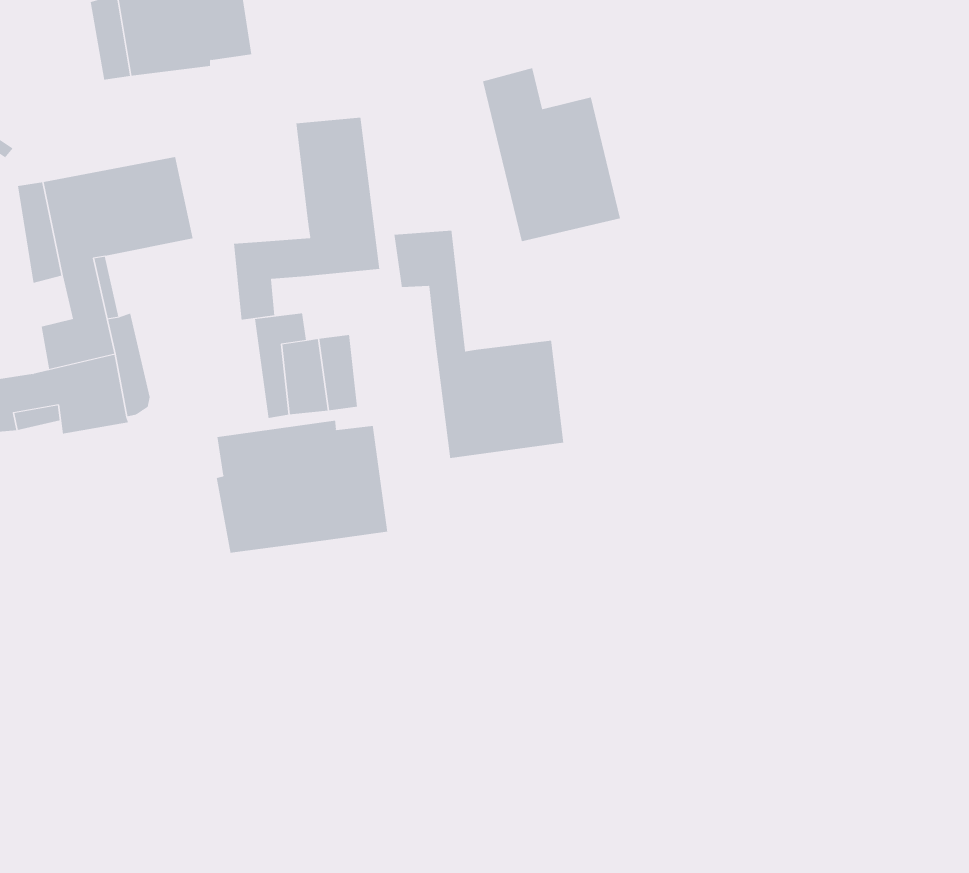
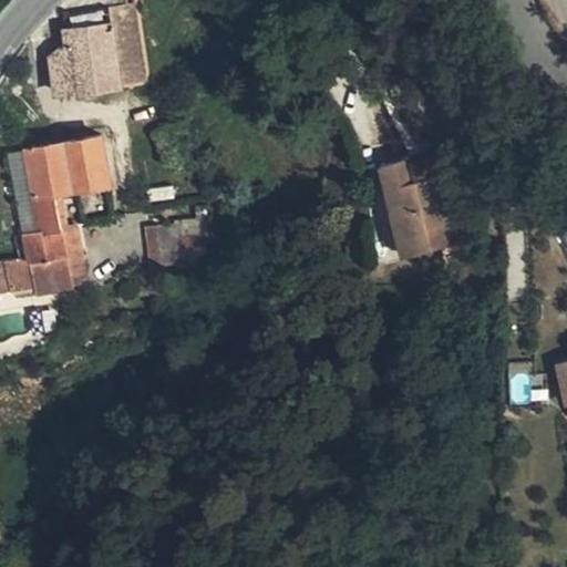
building: [482,68,621,242] -> [379,159,457,258]
building: [234,117,380,321] -> none
building: [394,230,564,459] -> none
building: [216,420,388,554] -> none

